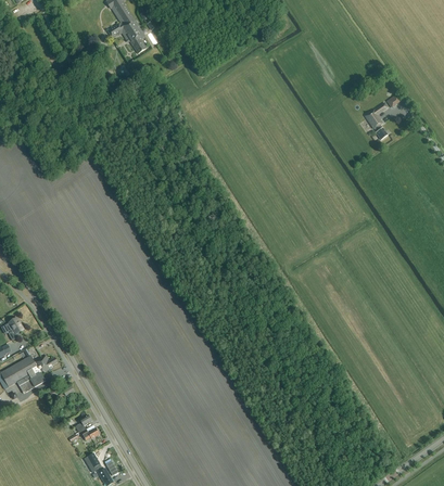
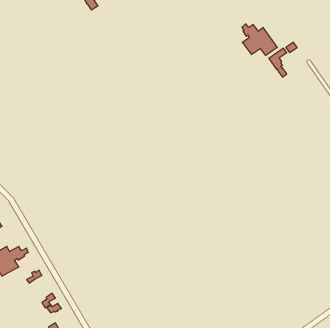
building: none -> [242,24,277,55]

